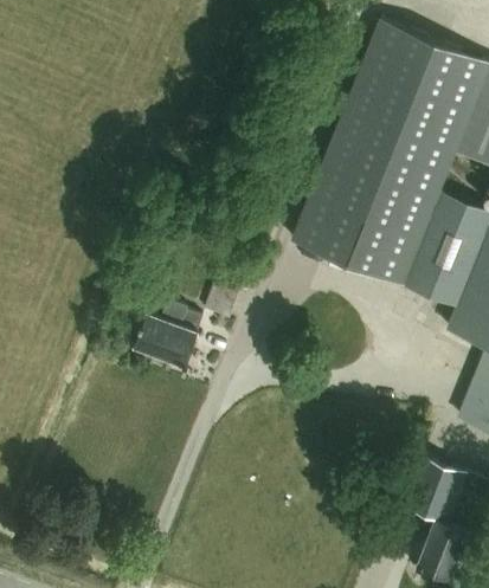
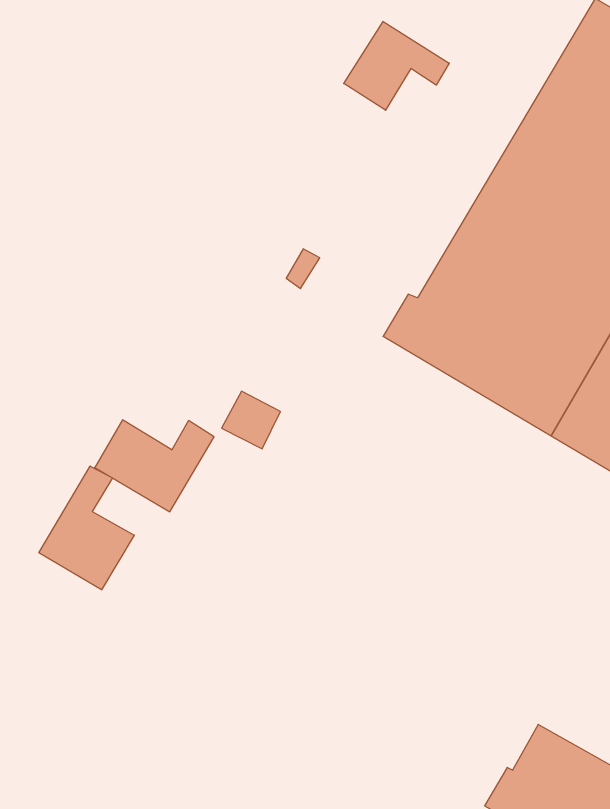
building: none -> [344,21,449,110]
building: none -> [39,466,134,590]

